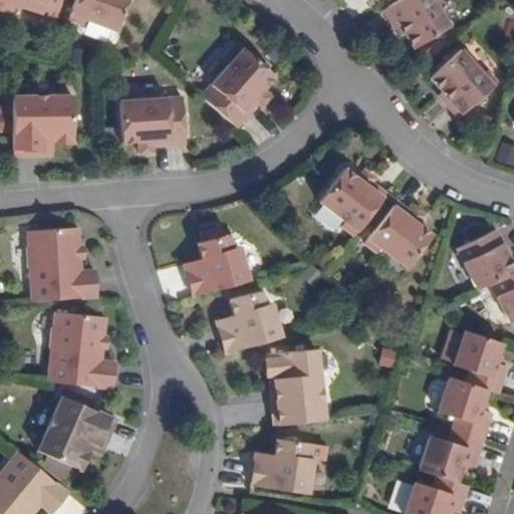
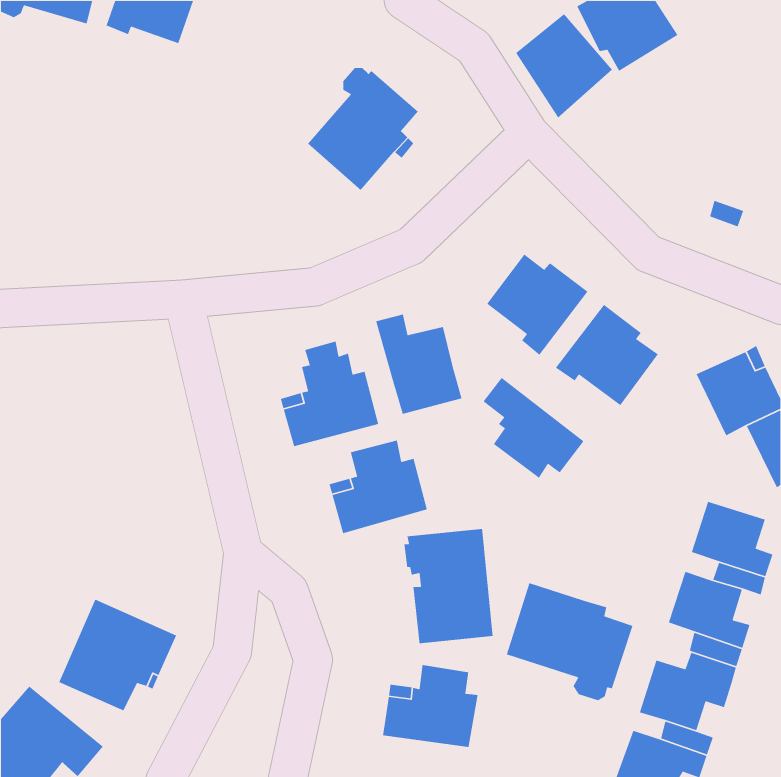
building: [424,49,488,118] -> [515,13,613,118]
building: [119,91,187,148] -> none
building: [13,95,74,156] -> none
building: none -> [375,314,462,415]
building: [28,228,97,301] -> none
building: none -> [482,377,584,479]
building: [49,312,115,389] -> none
building: none -> [506,582,633,701]

